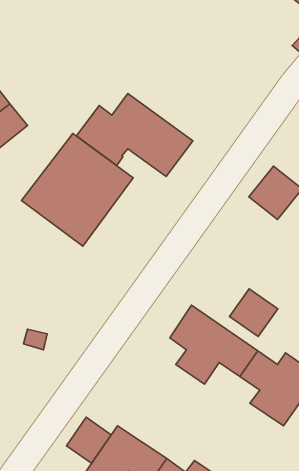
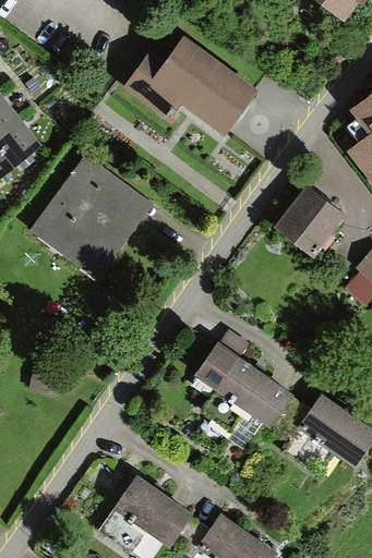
building: [76,94,193,176] -> [127,38,255,130]
building: [230,289,278,337] -> none
building: [67,417,111,463] -> none

